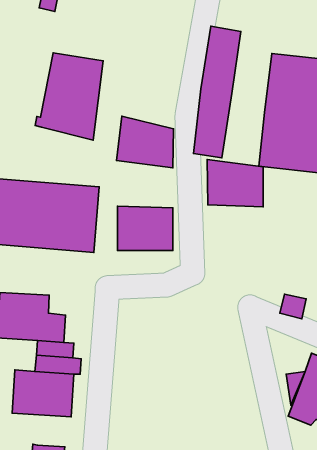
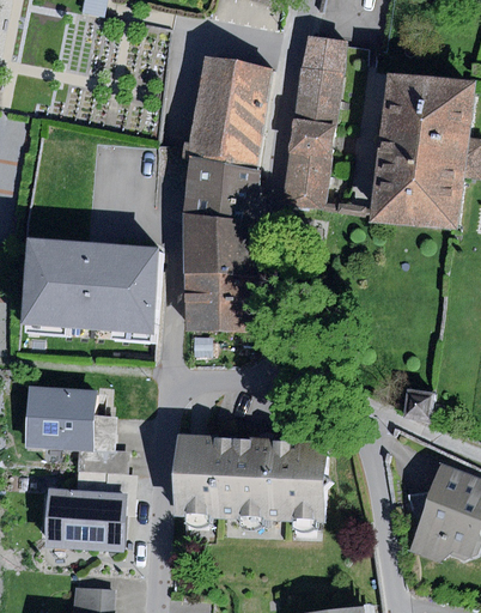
building: [35,53,103,140] -> [181,56,270,171]
building: [207,160,263,207] -> [182,213,256,275]
building: none -> [176,436,324,518]

